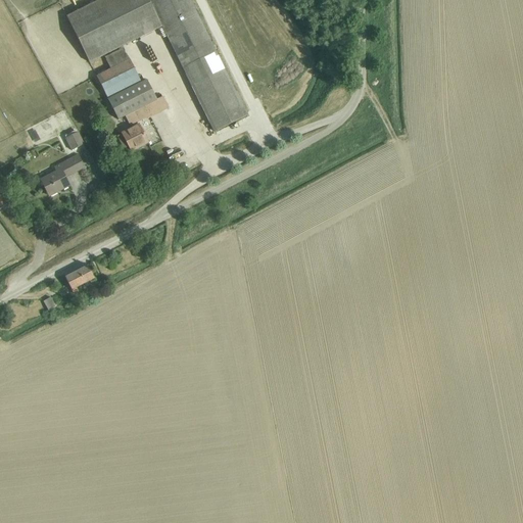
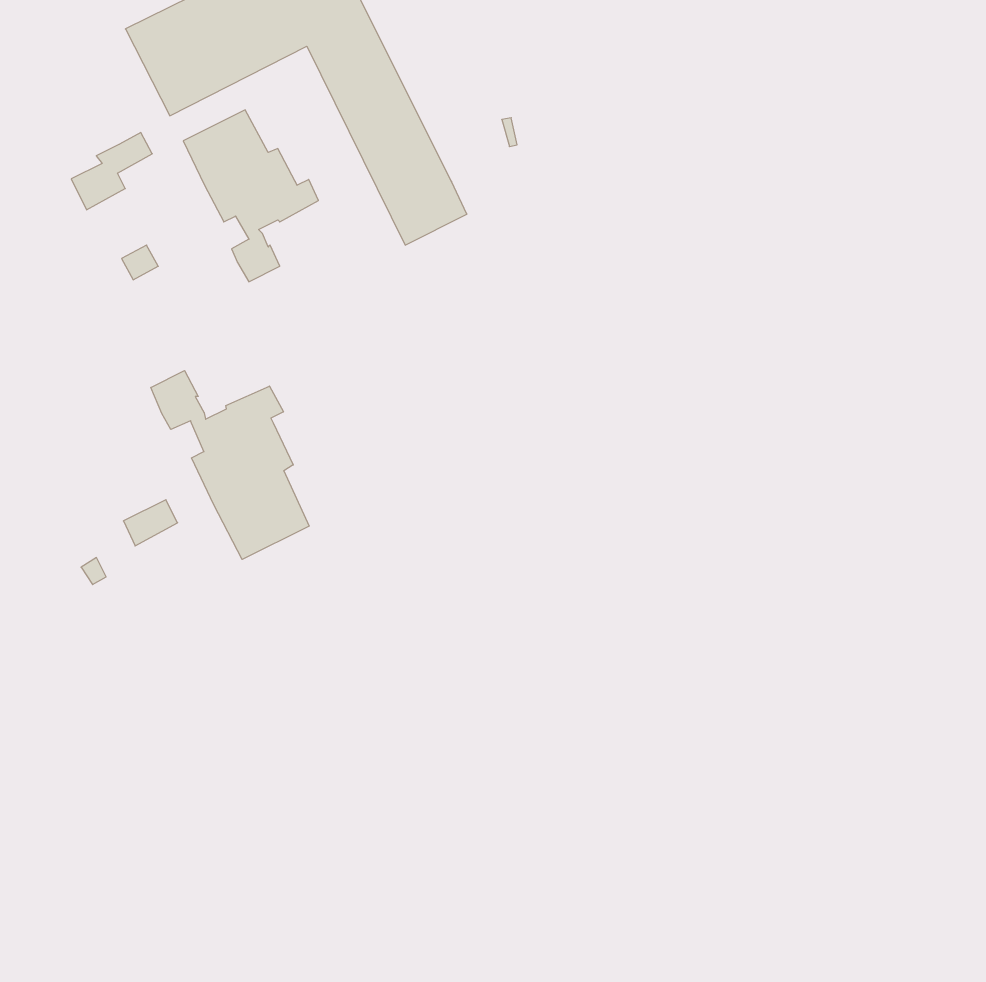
building: [41,154,84,195] -> [71,133,152,210]
building: none -> [151,371,309,559]

